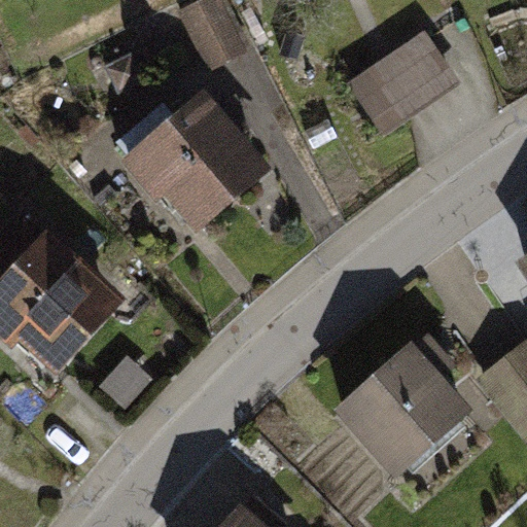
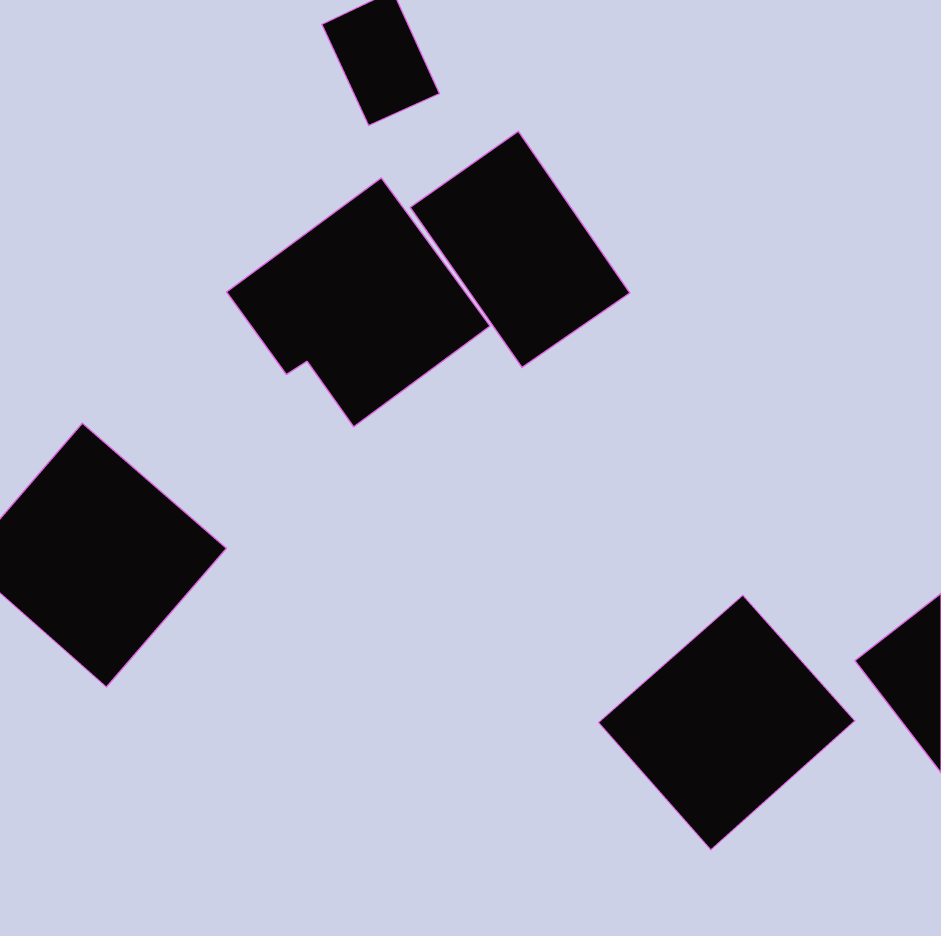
building: [345,30,454,133] -> none
building: none -> [410,131,630,368]

